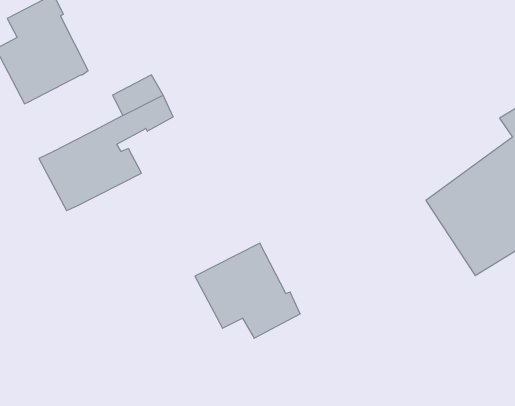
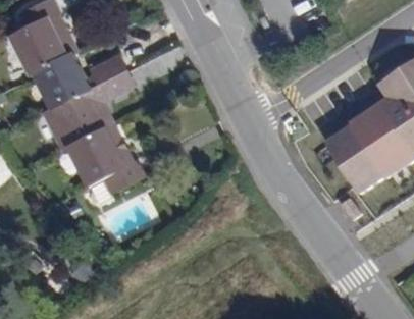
building: none -> [35,56,86,110]
building: [195,243,300,338] -> [69,125,144,193]

